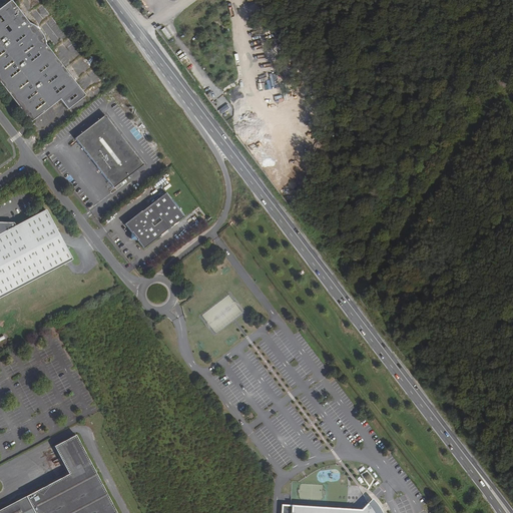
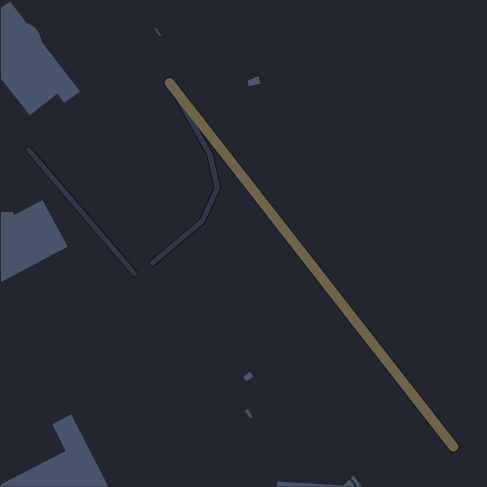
building: [74,115,143,188] -> none
building: [125,193,183,248] -> none

